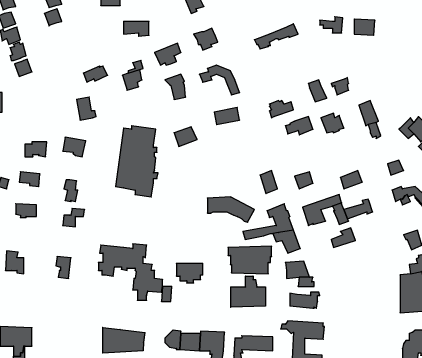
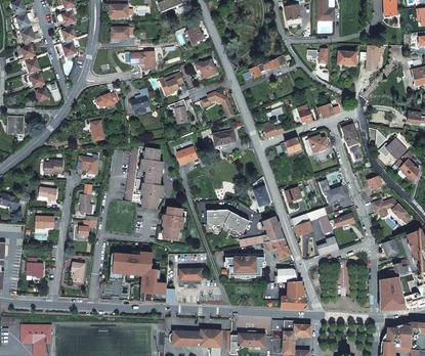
building: none -> [163,207,184,240]
building: [231,276,265,307] -> none
building: [103,327,145,353] -> none

